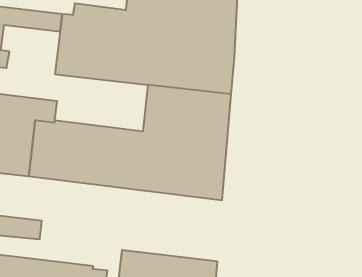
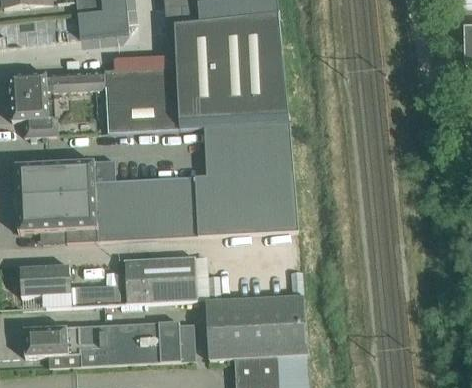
building: none -> [124,257,198,304]

